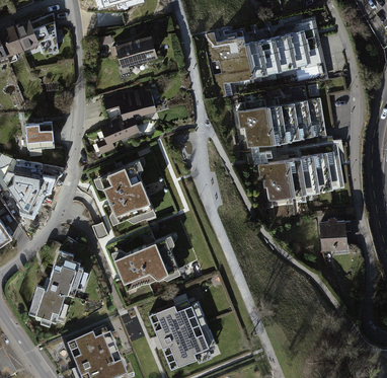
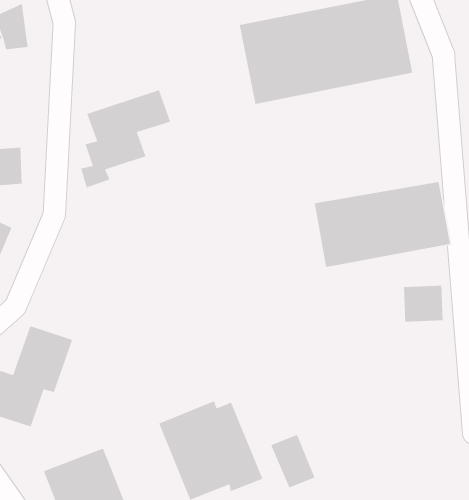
building: [110,37,156,66] -> none
building: [240,86,336,151] -> none
building: [94,159,157,225] -> none
building: [112,236,181,292] -> none
building: none -> [270,434,315,489]

